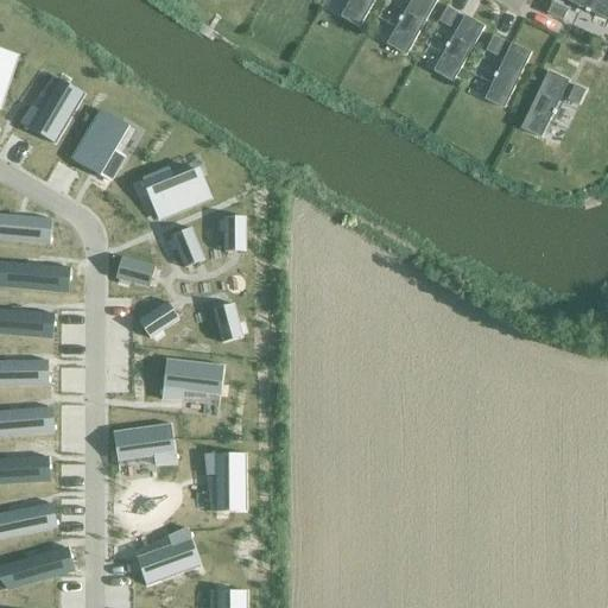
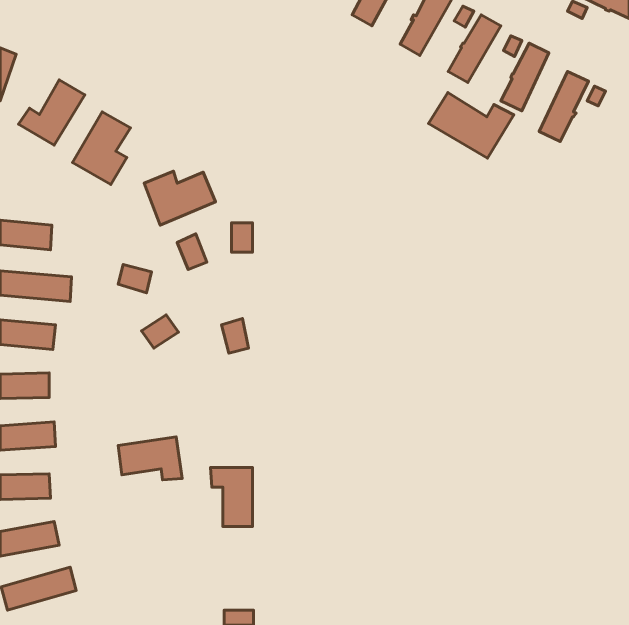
building: none -> [428,92,514,158]
building: [160,356,222,398] -> none
building: [137,526,200,584] -> none

